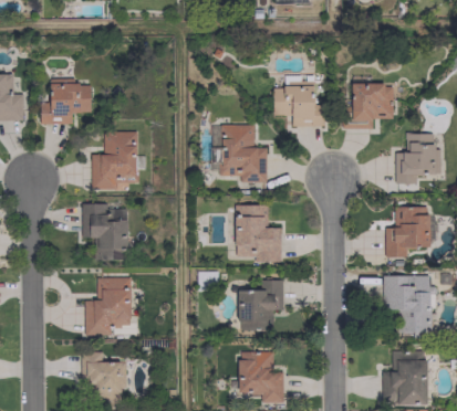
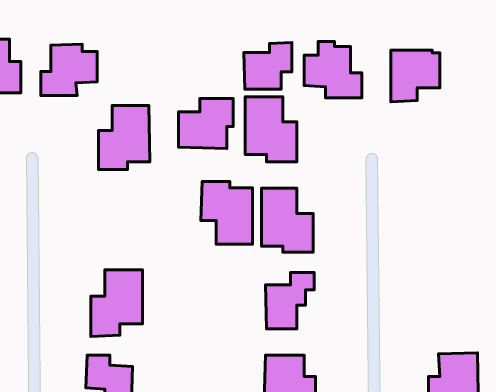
building: none -> [244,42,292,89]
building: none -> [179,99,233,148]
building: [395,133,436,185] -> none
building: [82,203,127,259] -> [201,182,252,244]
building: [385,208,429,257] -> none
building: [383,275,430,337] -> none

